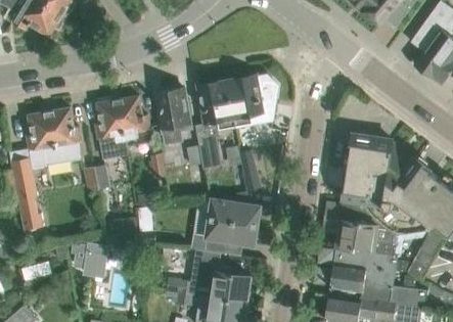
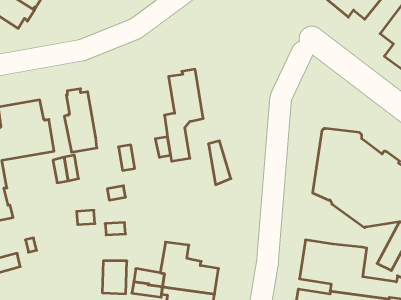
building: [225,75,277,126] -> none
building: [155,86,190,139] -> none
building: [118,95,151,145] -> none
building: [206,198,260,252] -> none
building: [335,200,395,255] -> none
building: [83,242,107,275] -> [102,261,127,294]

